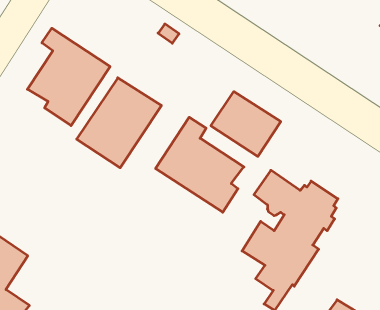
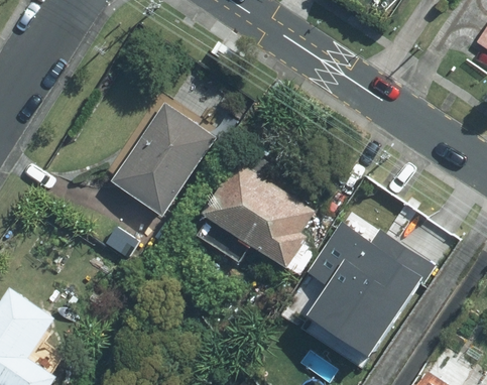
building: [27,28,110,126] -> none
building: [211,92,281,156] -> none

